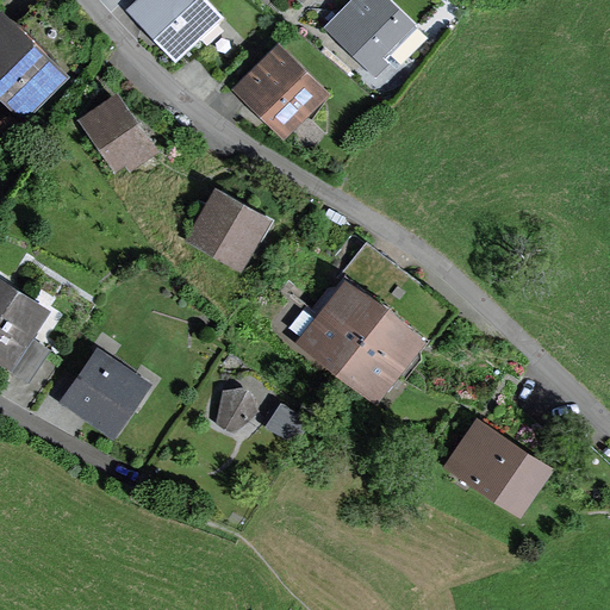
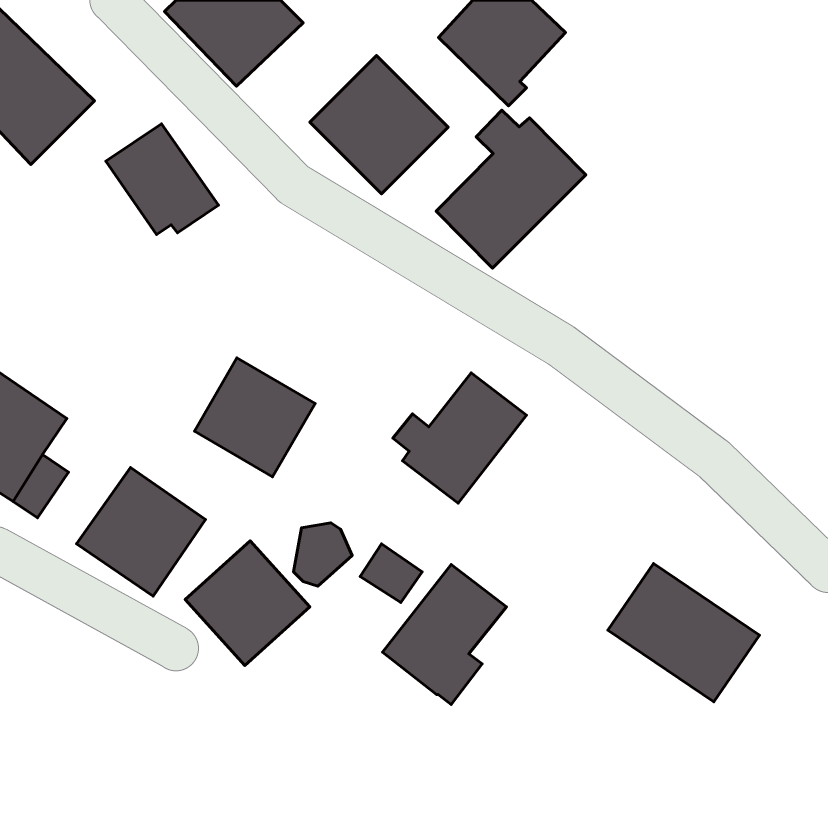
building: none -> [436,110,586,268]
building: [183,186,272,273] -> [194,358,315,477]
building: [335,306,425,409] -> [383,564,506,704]
building: none -> [185,541,310,665]

